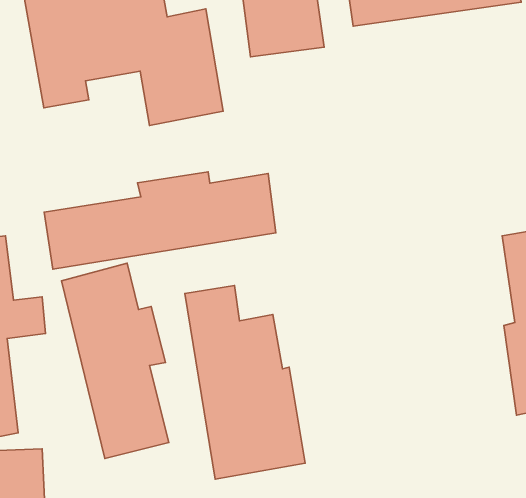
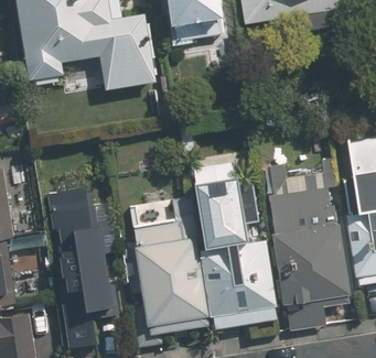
building: [44,172,276,269] -> none
building: none -> [192,176,276,334]
building: none -> [268,184,351,329]

